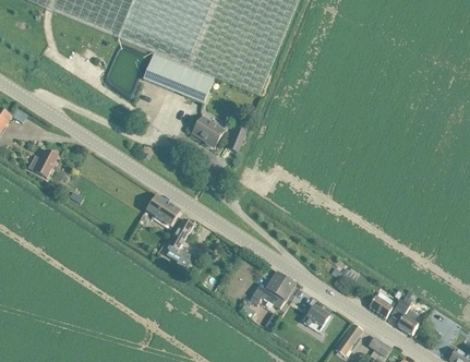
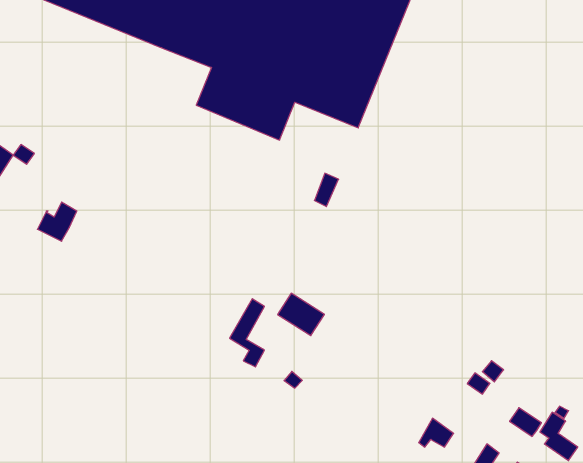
building: [191,116,224,146] -> none
building: [146,194,180,225] -> [278,293,324,336]
building: [249,272,294,307] -> none

